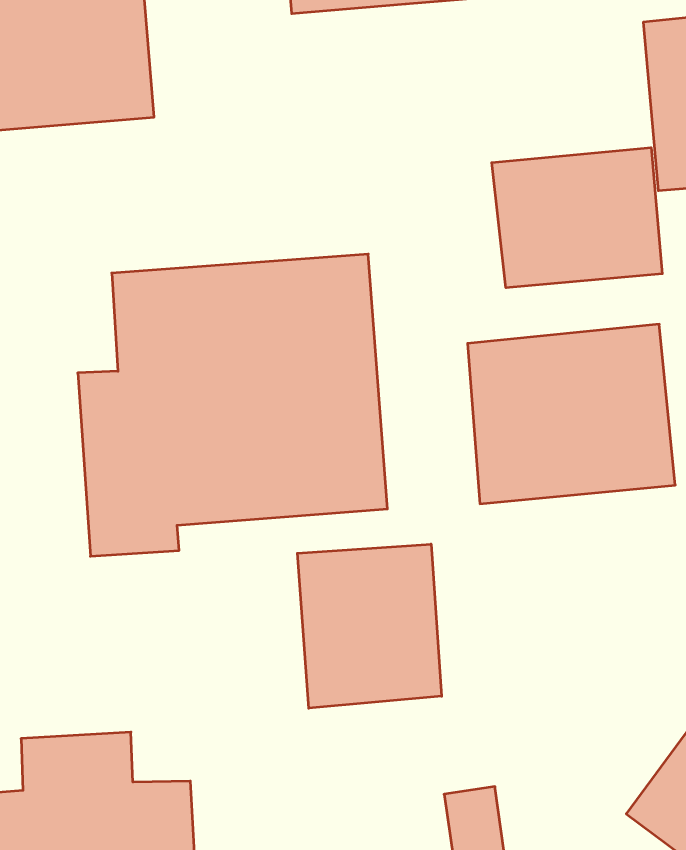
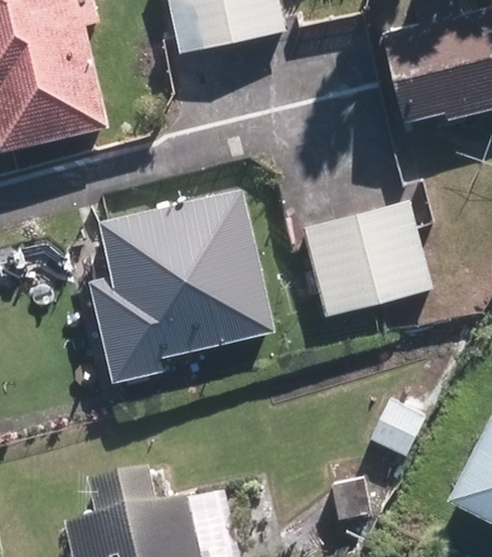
building: [492,148,662,288] -> none
building: [297,544,442,708] -> none

